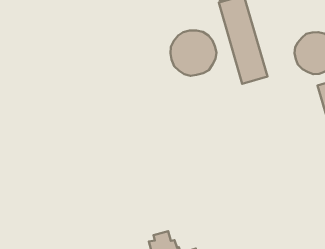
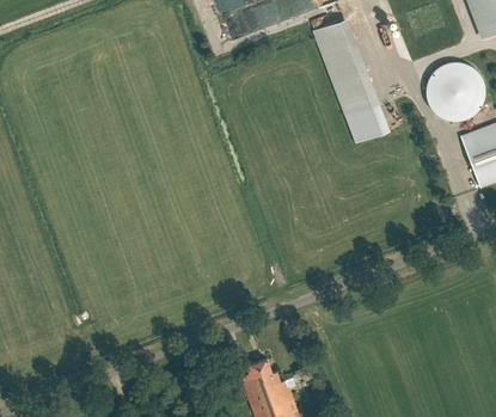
building: [171,30,217,76] -> none

